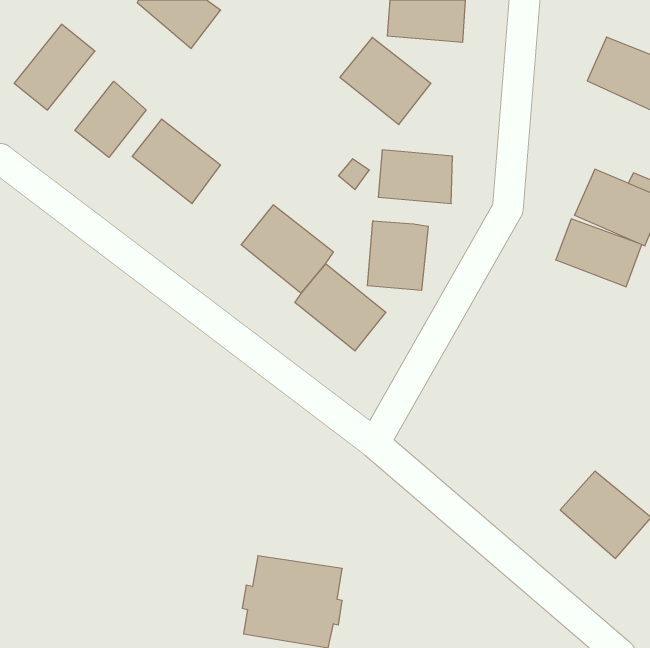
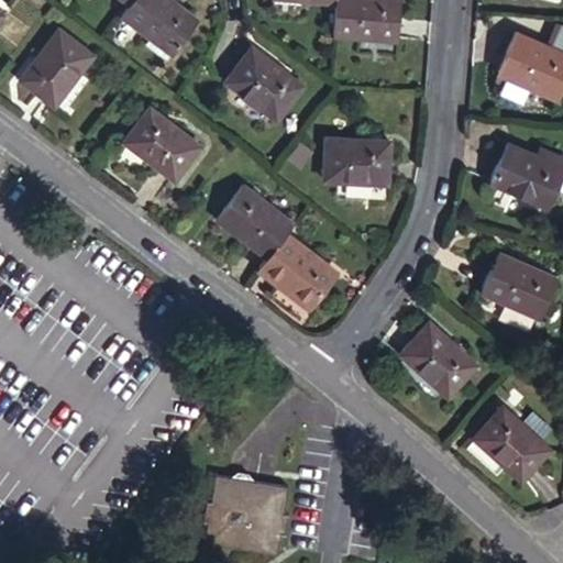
building: [340,37,431,125] -> [221,44,299,119]
building: [75,81,146,157] -> none
building: [556,219,642,287] -> [482,257,555,316]
building: [367,221,428,290] -> none
building: none -> [396,327,474,401]

